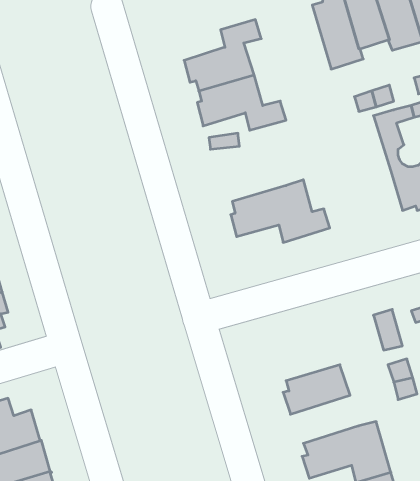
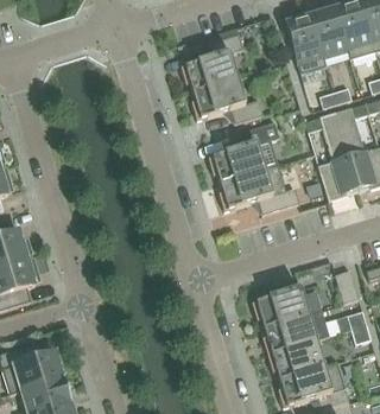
building: none -> [305,112,359,200]
building: none -> [208,121,279,181]
building: none -> [252,287,322,327]
building: none -> [267,339,323,378]

